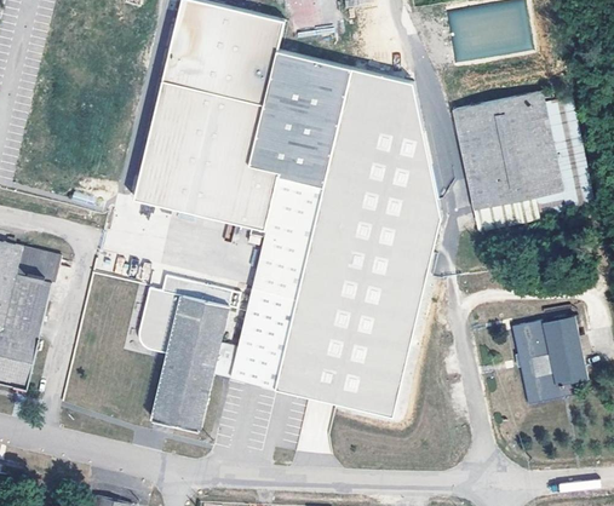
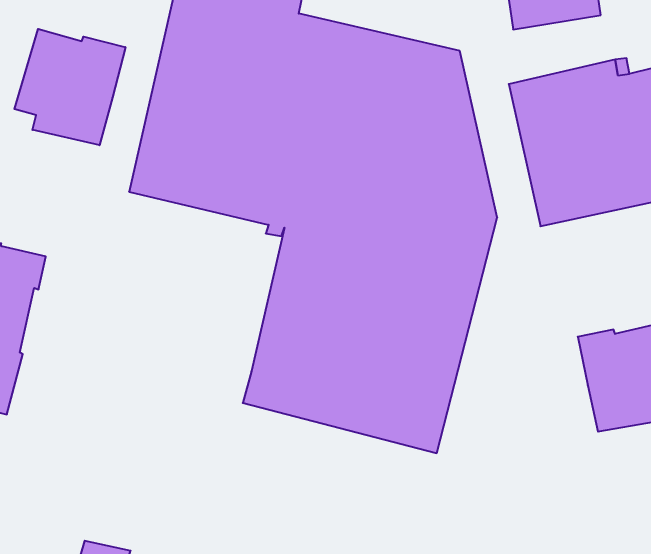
building: none -> [14,29,125,145]
building: [139,274,240,427] -> none

